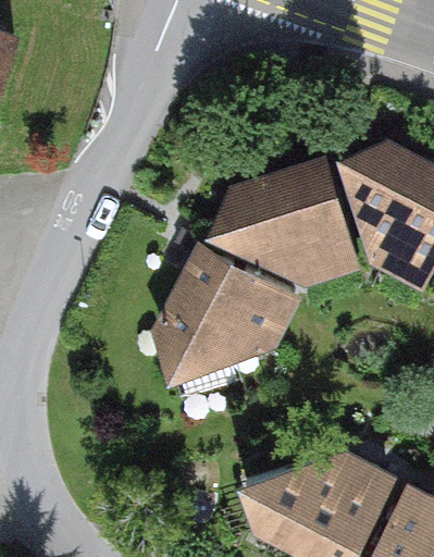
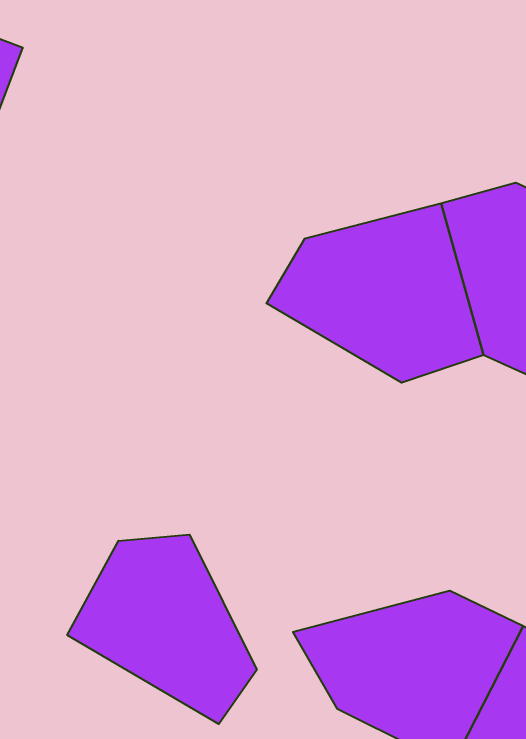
building: [151,233,303,370] -> none
building: none -> [67,535,257,724]

